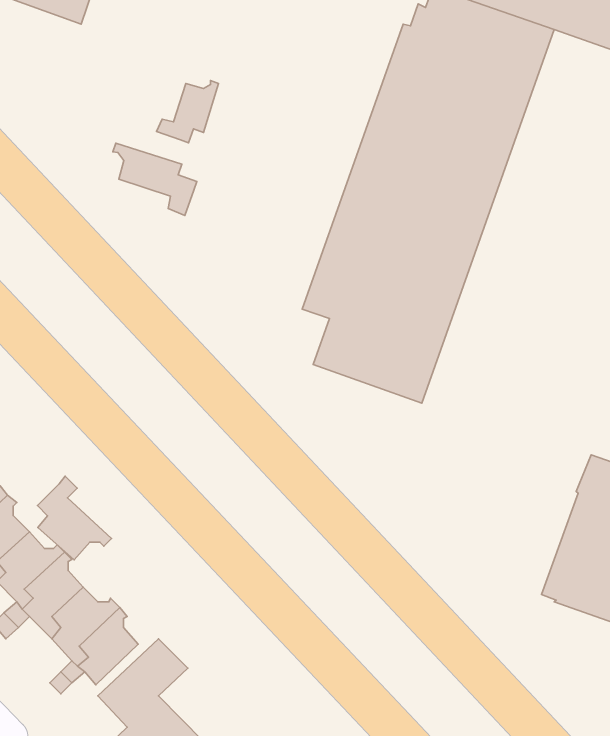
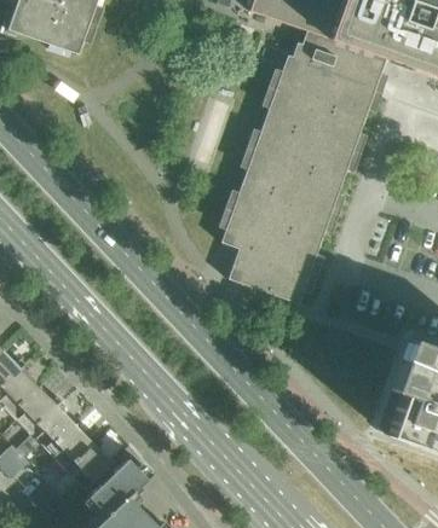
building: [157,81,219,143] -> none
building: [113,143,197,216] -> none
building: [38,476,112,560] -> none

